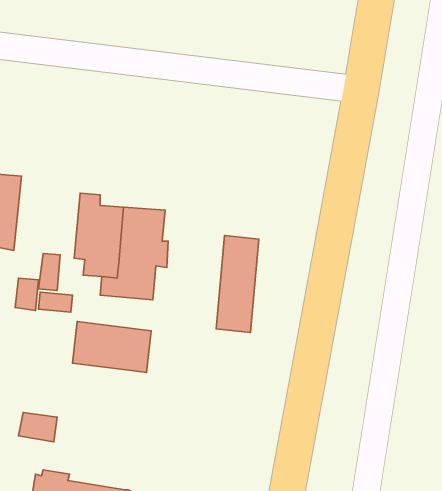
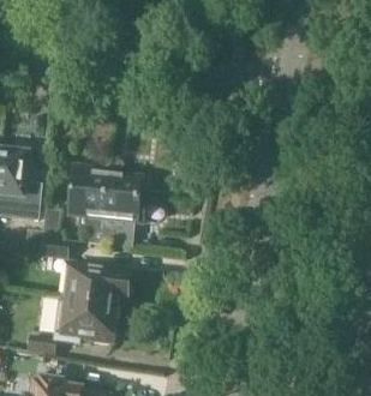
building: [216,235,259,333] -> none
building: none -> [62,294,116,341]

